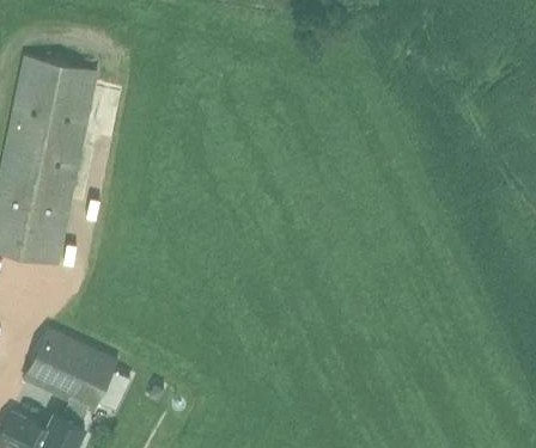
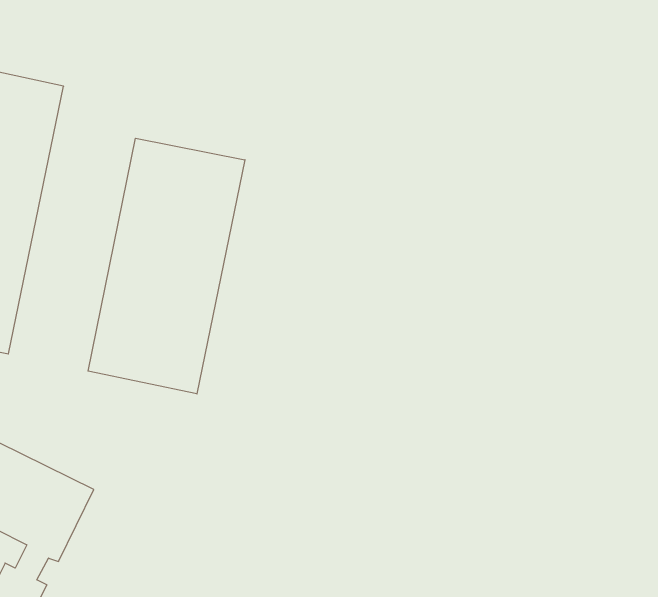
building: none -> [88,138,245,394]

